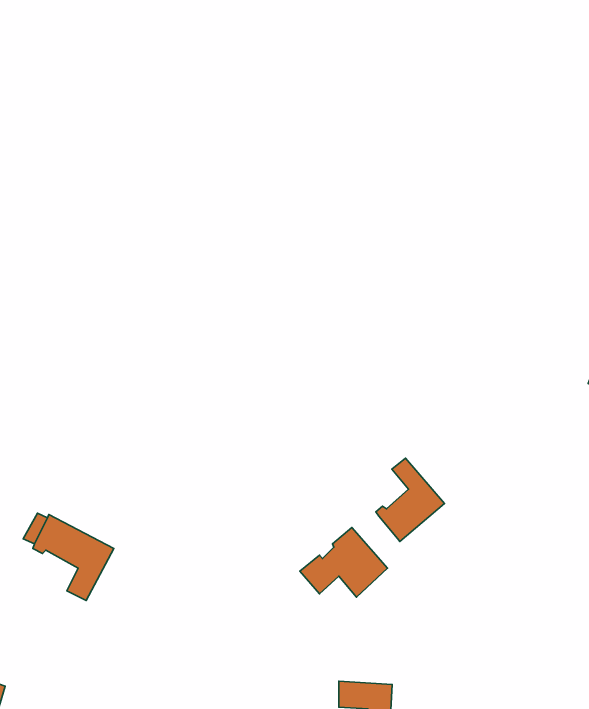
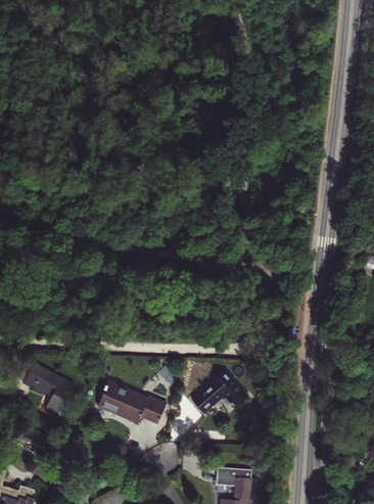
building: [376,458,444,541] -> none
building: none -> [98,379,166,422]

